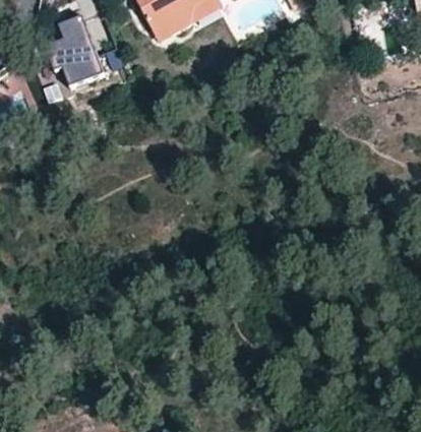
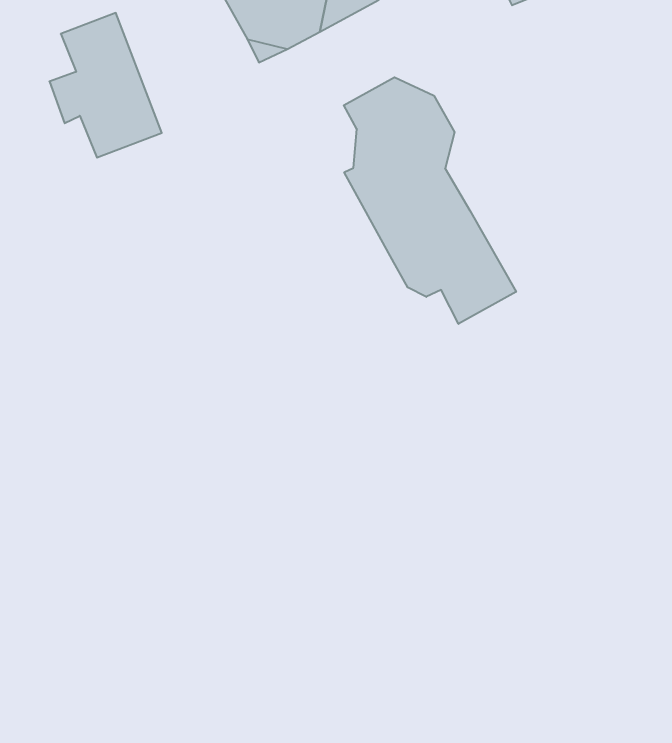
building: none -> [344,77,516,324]

